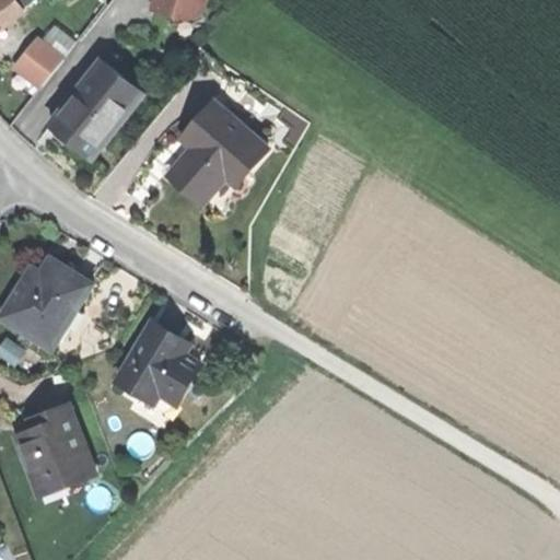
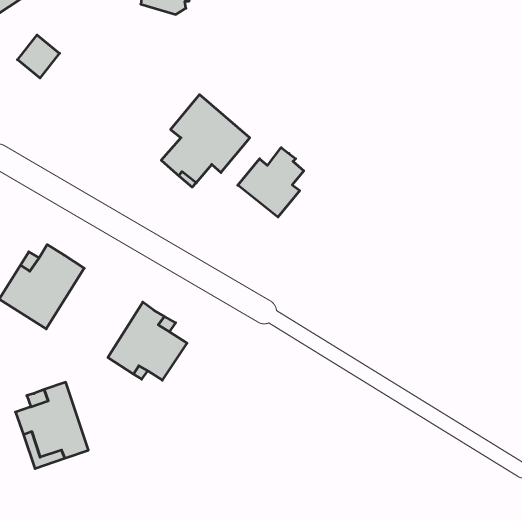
building: [47,59,135,156] -> none
building: none -> [238,148,304,217]

